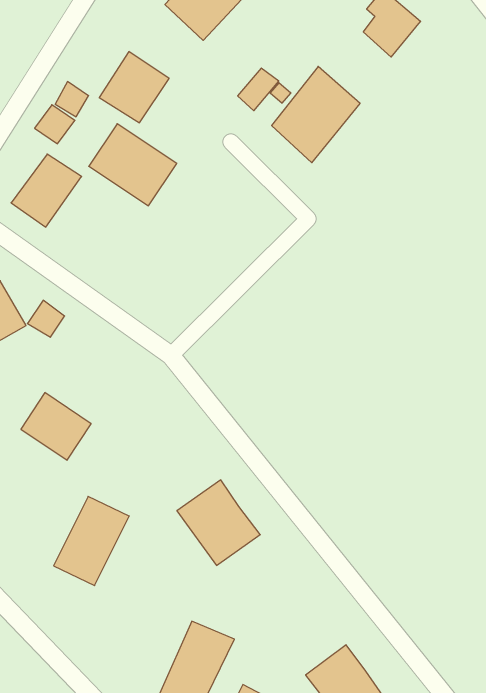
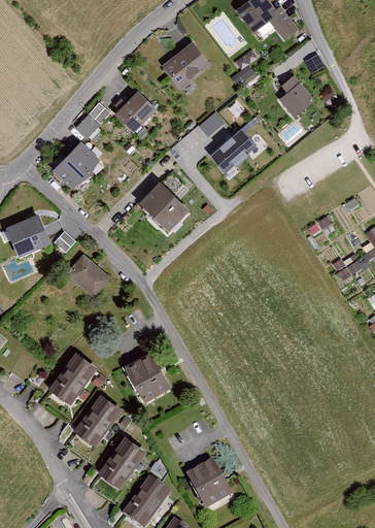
building: [89,124,177,206] -> [138,180,191,232]
building: [21,393,91,460] -> [66,255,108,297]
building: none -> [72,394,120,446]

